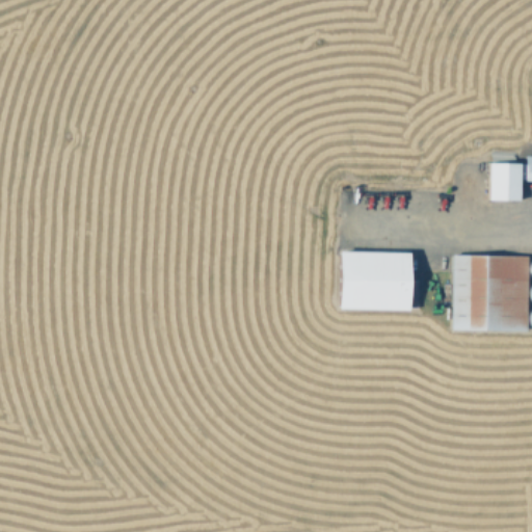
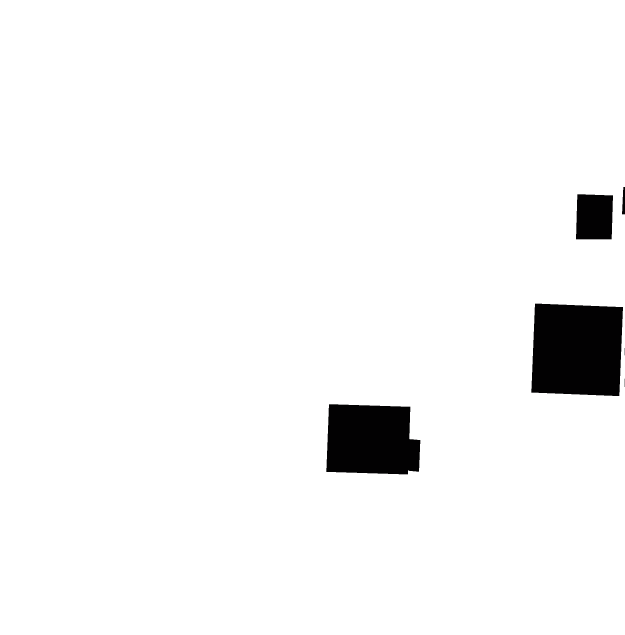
building: [342,250,422,310] -> [326,404,421,475]

